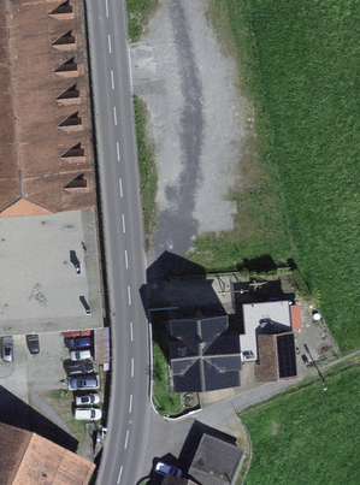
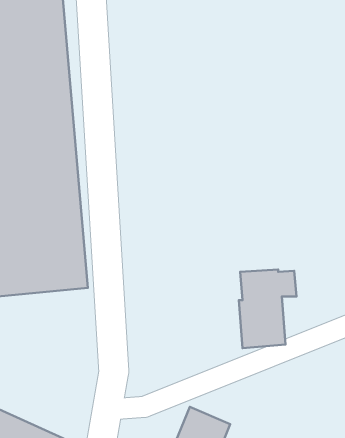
building: [167,306,240,382] -> none

